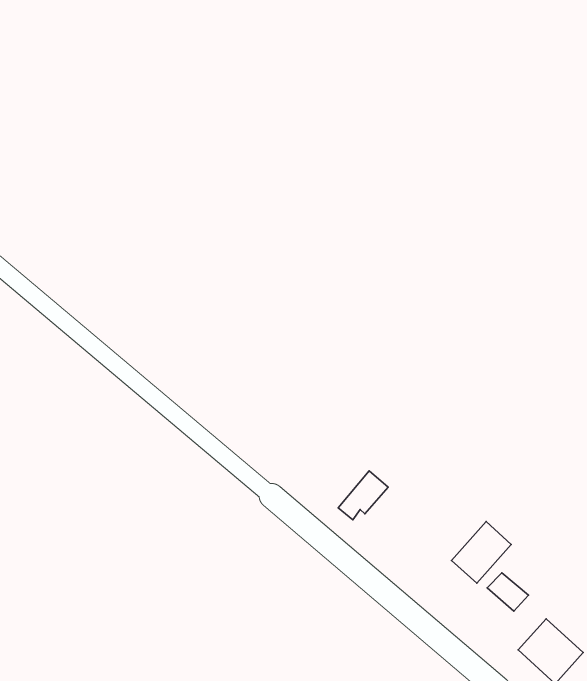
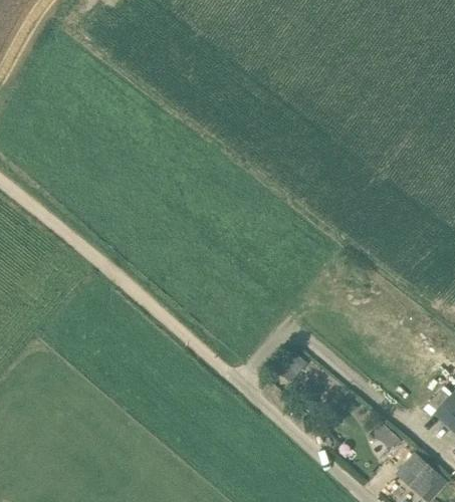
building: [452,522,511,583] -> none

